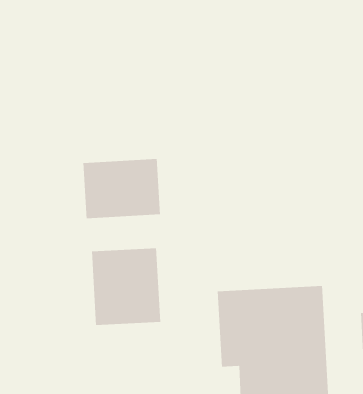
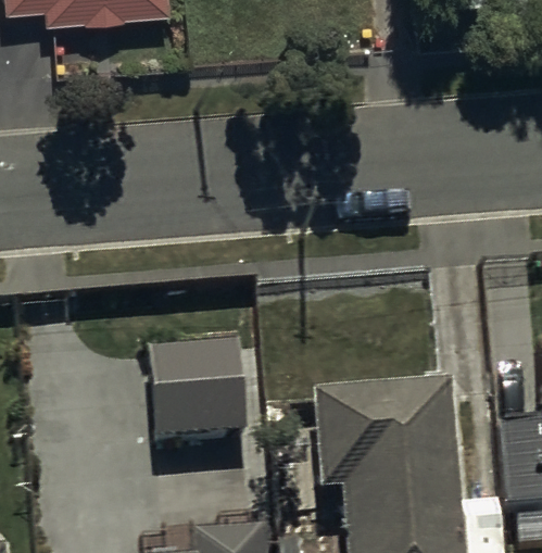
building: [83,158,160,219] -> none

